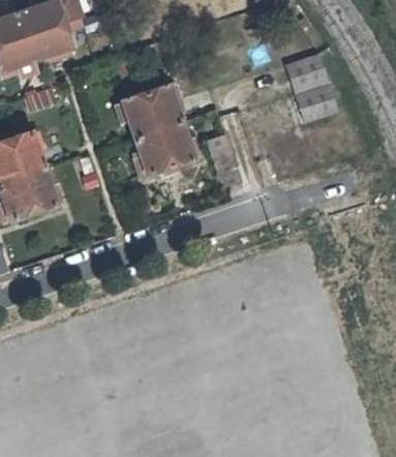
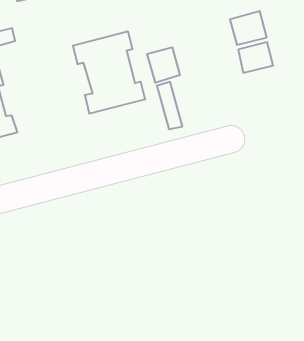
building: none -> [147,47,180,83]

